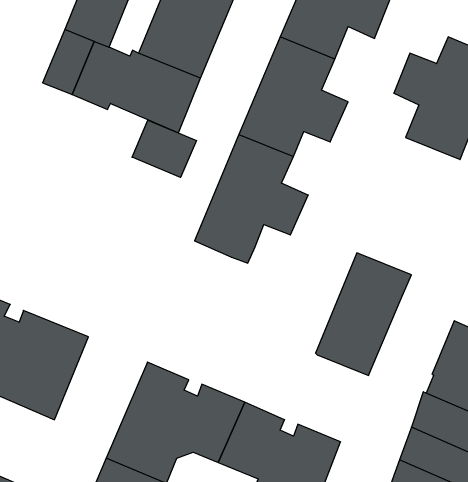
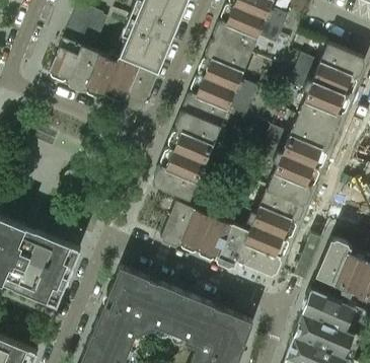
building: [132,120,196,177] -> none
building: none -> [260,114,336,208]
building: none -> [160,189,255,269]

